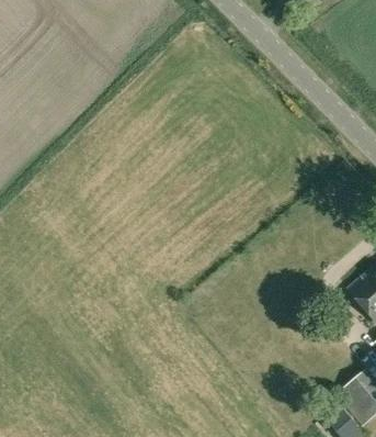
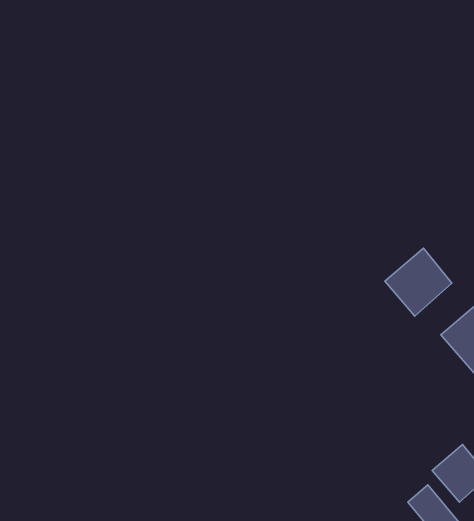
building: none -> [385,248,452,316]

